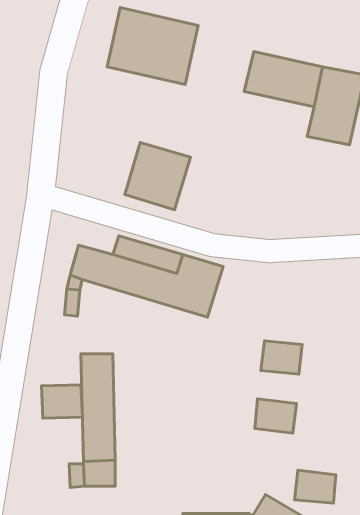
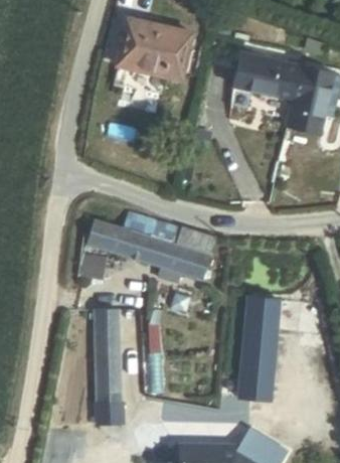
building: [125,142,191,210] -> none
building: none -> [243,325,279,353]
building: [41,385,82,418] -> none
building: [294,470,336,503] -> [238,374,274,403]

